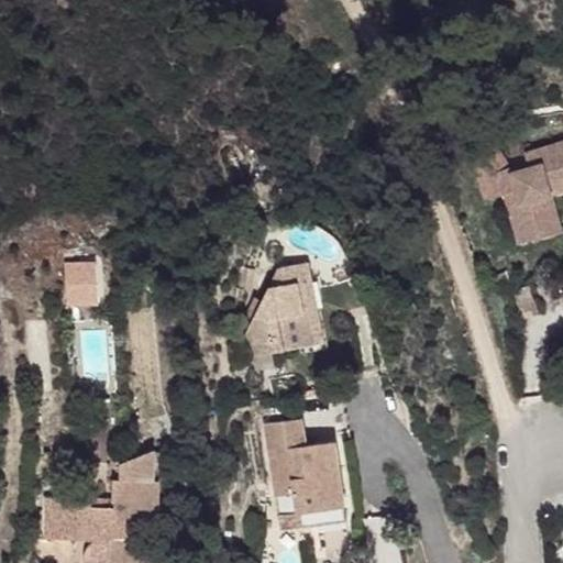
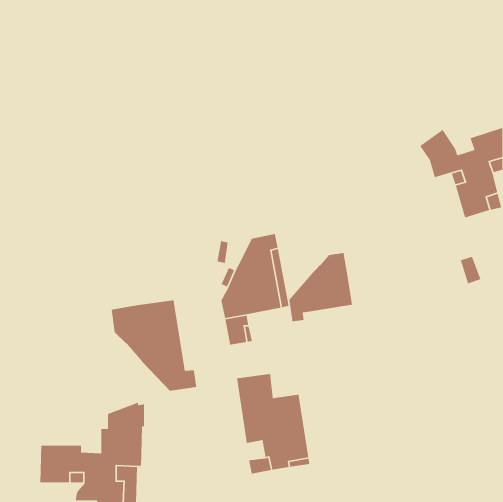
building: [62,264,98,307] -> none
building: none -> [288,252,353,322]
building: none -> [111,299,197,391]

